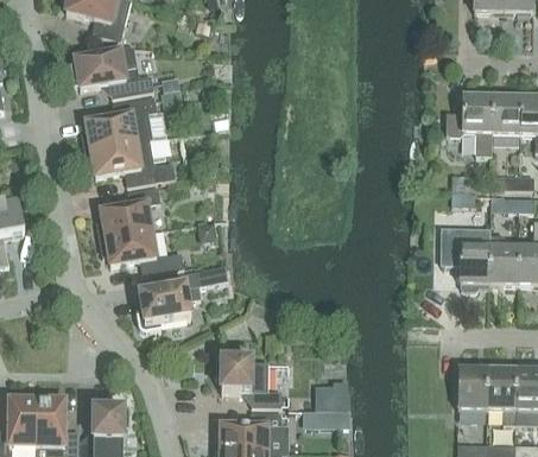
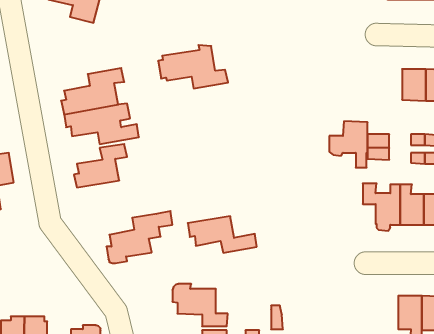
building: [70,44,154,96] -> [158,45,228,88]
building: [447,94,493,150] -> [329,121,368,168]
building: [101,229,184,273] -> [188,216,257,253]
building: [458,368,488,408] -> none

